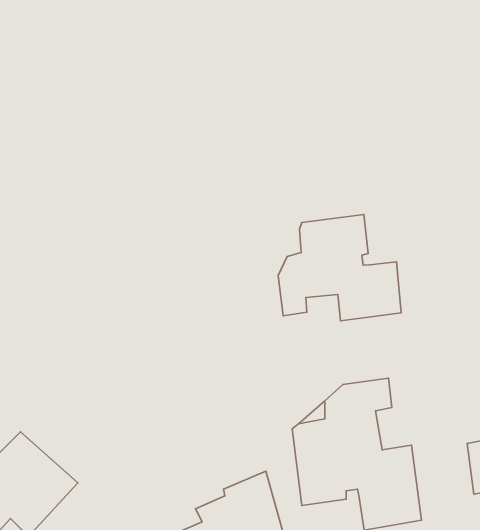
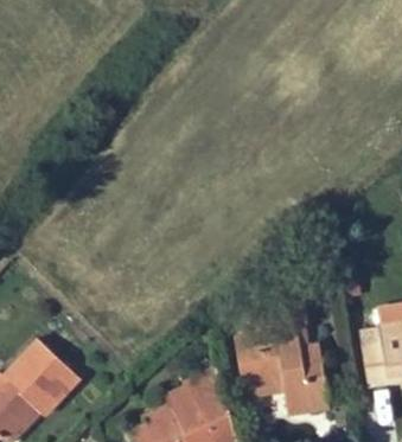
building: [278,214,401,321] -> none

